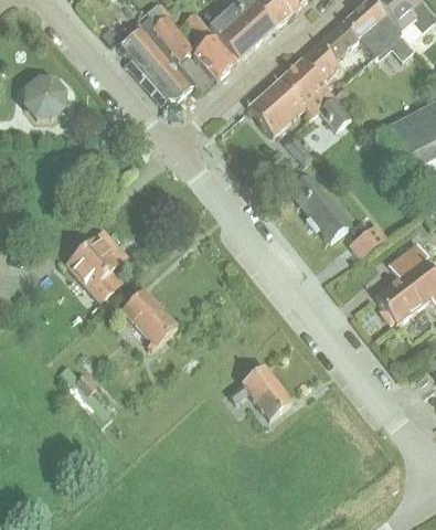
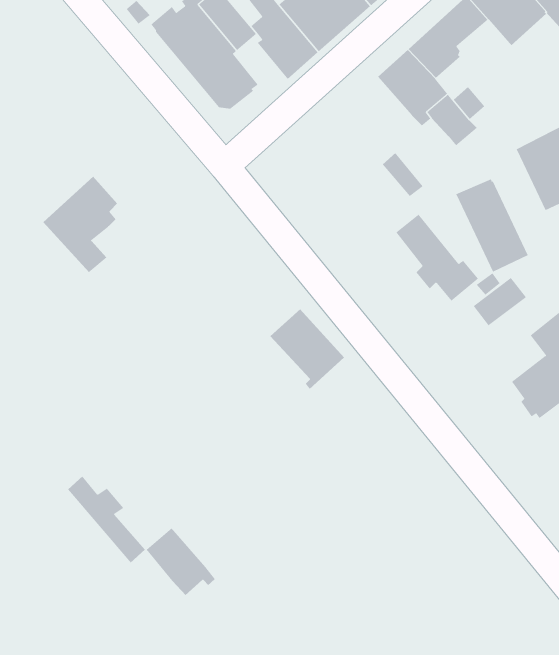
building: [248,78,304,134] -> none
building: [26,82,62,118] -> none
building: none -> [456,178,529,272]
building: [67,231,121,300] -> [42,176,118,273]
building: [123,290,177,349] -> [269,308,345,390]
building: [230,367,291,418] -> none
building: none -> [146,528,215,596]

